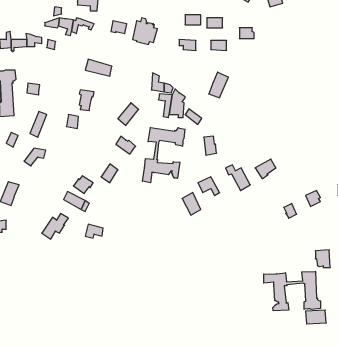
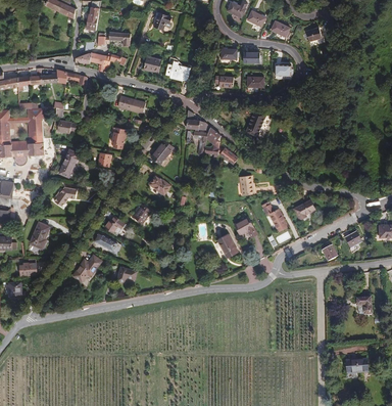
building: [142,127,185,183] -> none
building: [264,271,321,311] -> none

